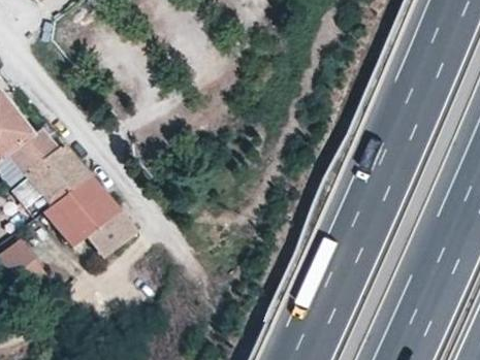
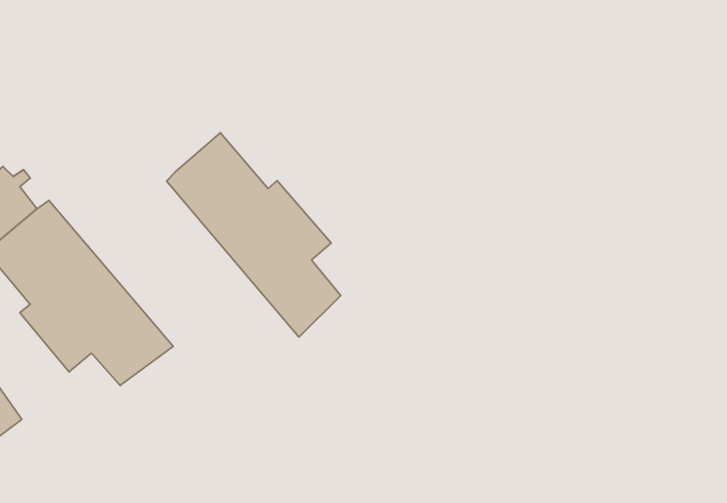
building: none -> [167,133,341,337]

